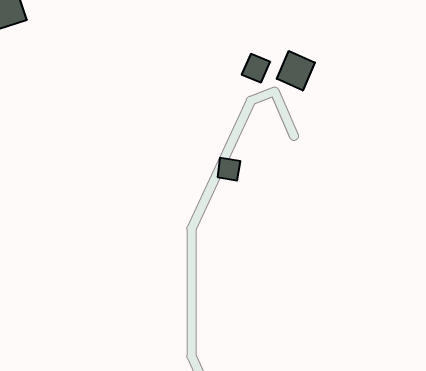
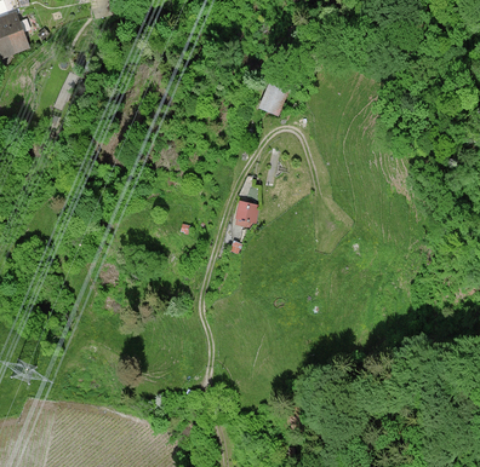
building: [277,51,315,91] -> none

